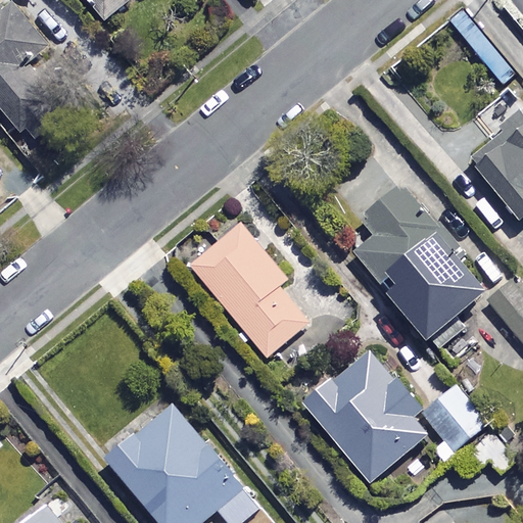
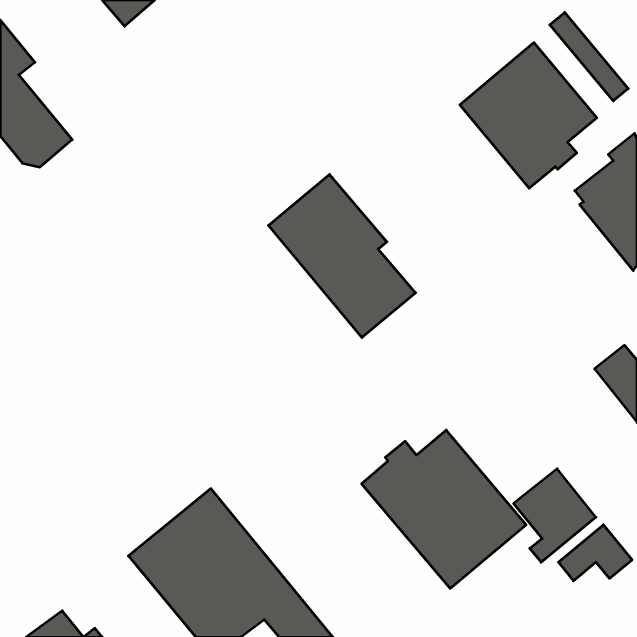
building: none -> [460,43,597,188]
building: [352,181,487,349] -> none
building: [190,223,311,356] -> [268,174,416,338]

